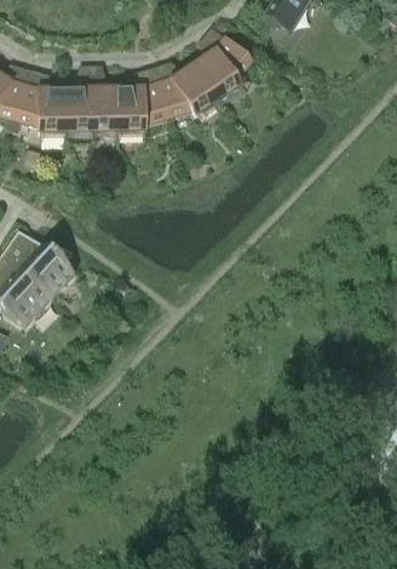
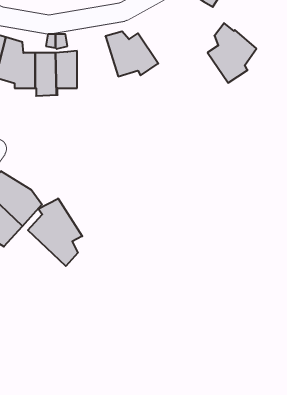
building: [191,27,252,100] -> [208,23,256,83]
building: [116,67,167,131] -> none
building: none -> [28,198,82,266]

